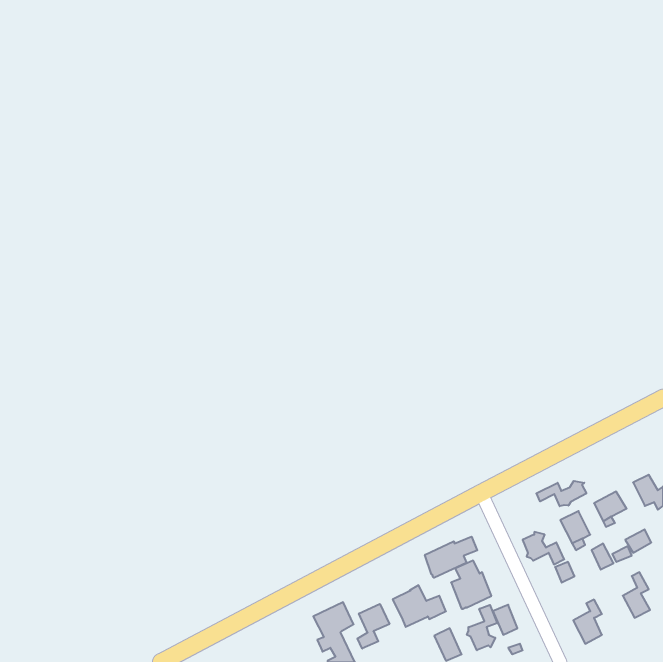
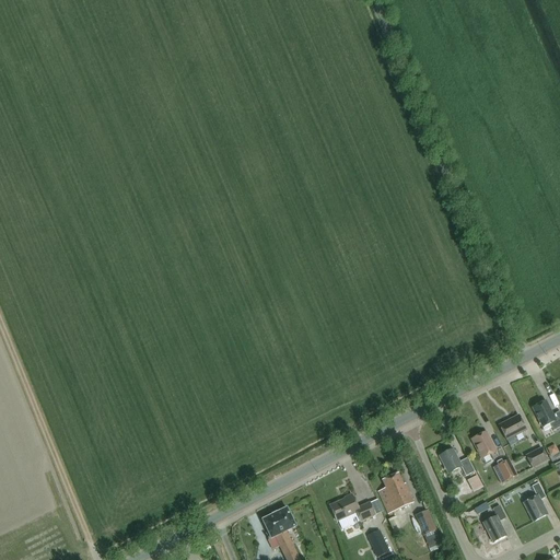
building: [536,481,586,506] -> none
building: [425,537,477,578] -> none
building: [357,604,389,649] -> none
building: [467,605,497,650] -> none

